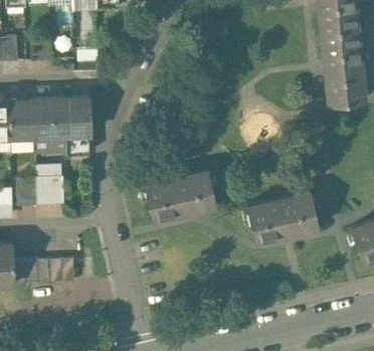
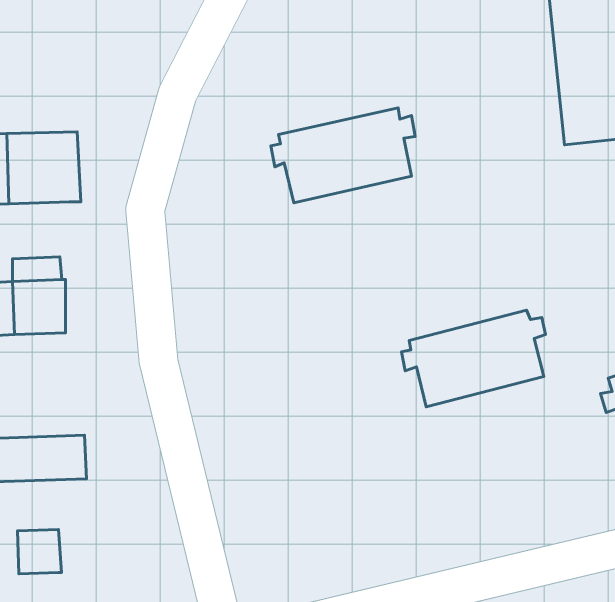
building: [65,97,91,155] -> none
building: [141,171,217,221] -> [271,108,415,203]
building: none -> [18,529,61,574]

